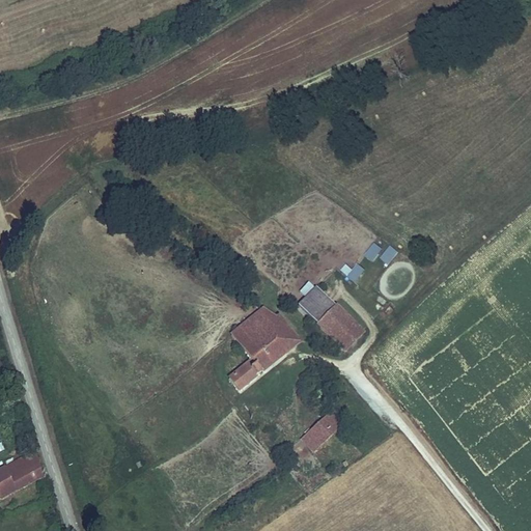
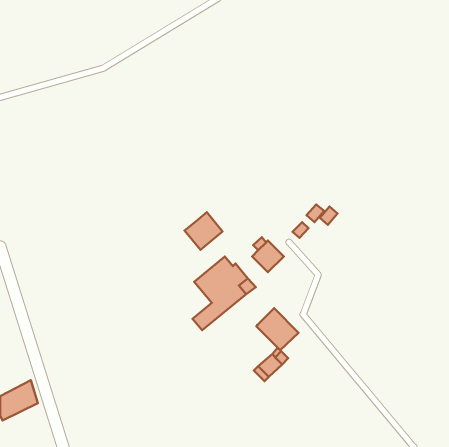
building: none -> [185,212,223,250]
building: [315,302,365,352] -> [256,308,299,350]

